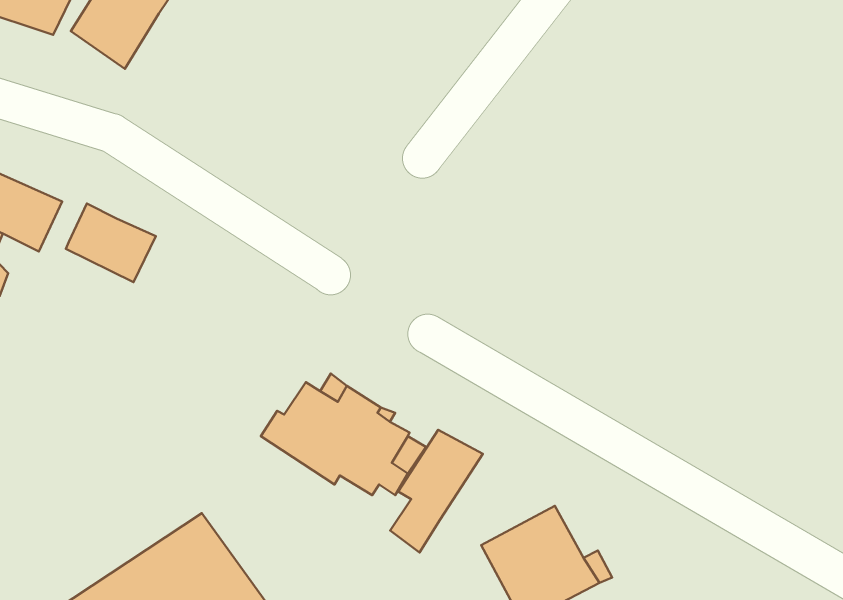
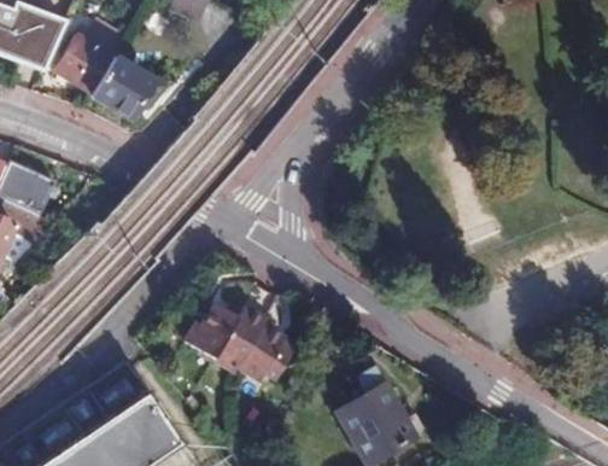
building: none -> [92,54,160,121]
building: [66,204,156,282] -> none
building: [390,430,483,552] -> none

